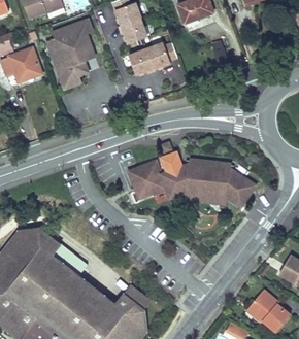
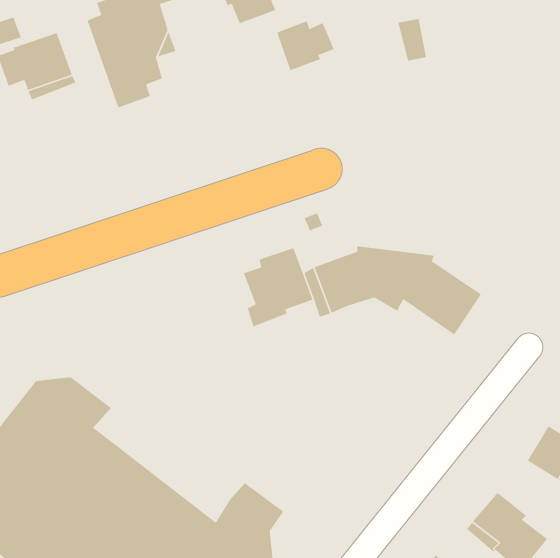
building: [128,47,155,74] -> none
building: [184,188,227,205] -> none

